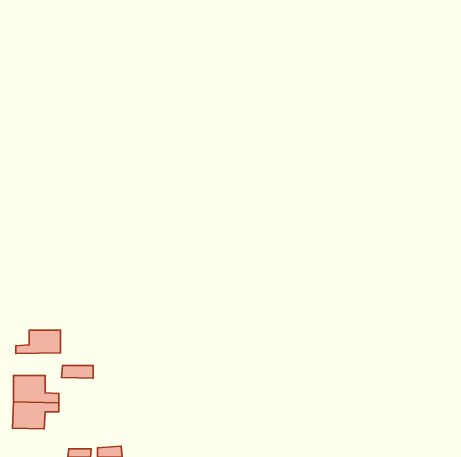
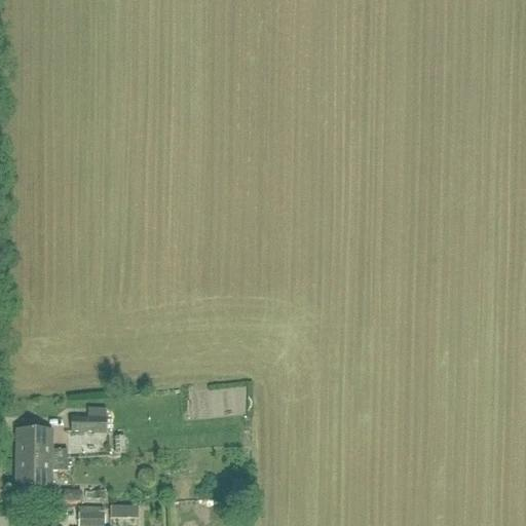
building: [16,330,61,354] -> none

